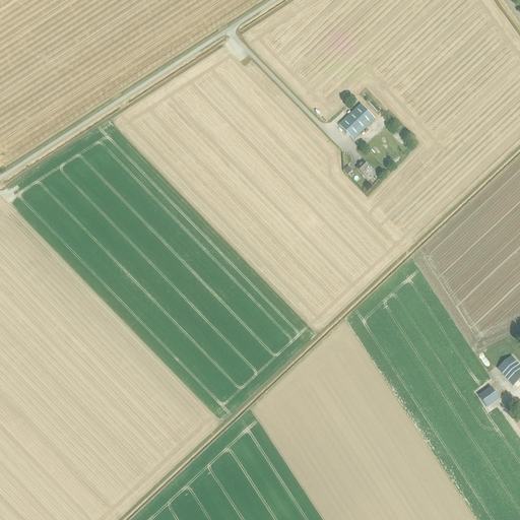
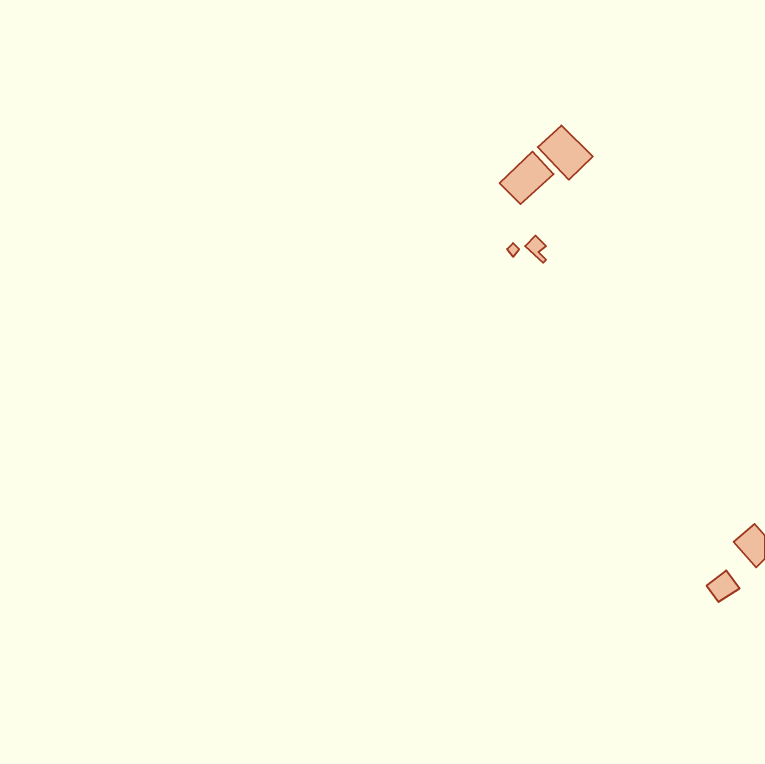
building: none -> [538,125,593,180]

